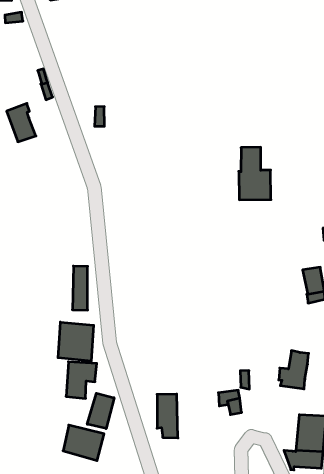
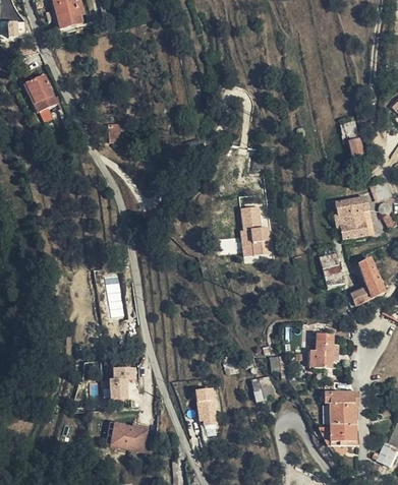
building: [7,103,36,142] -> [26,74,56,111]
building: [239,147,271,200] -> [240,206,273,257]
building: [58,322,94,361] -> none
building: [87,393,114,429] -> none

